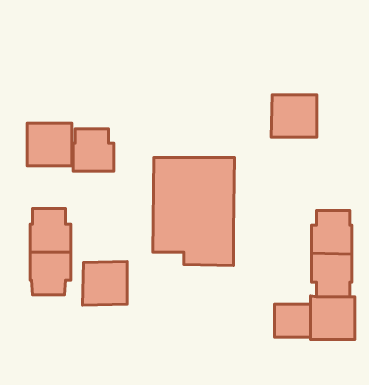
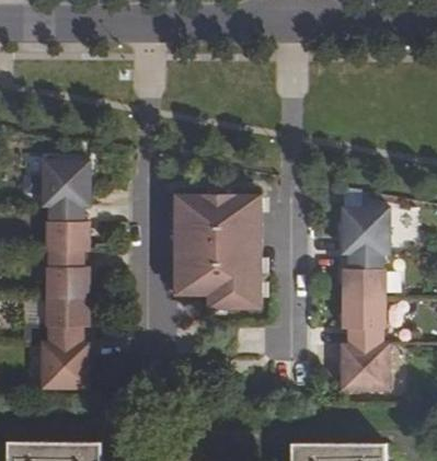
building: [271,95,317,137] -> [341,208,389,253]
building: [73,129,114,171] -> [45,206,88,251]
building: [83,261,127,305] -> [41,342,88,388]
building: [274,304,310,337] -> none

